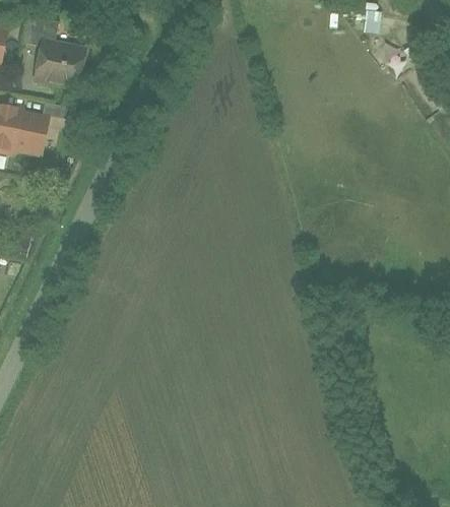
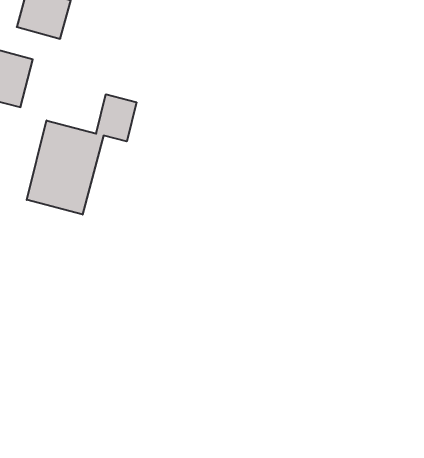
building: none -> [27,94,136,215]

